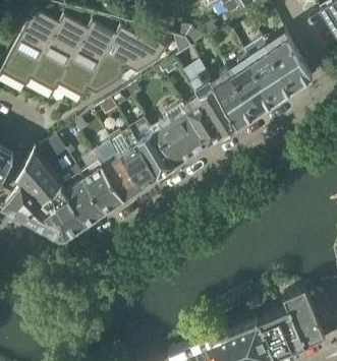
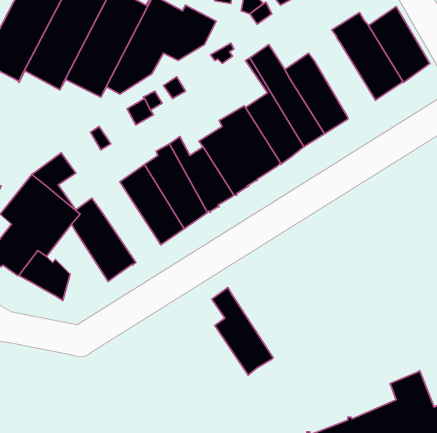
building: [227,55,274,112] -> none
building: [81,152,124,213] -> [212,288,273,375]
building: [45,186,88,241] -> none

